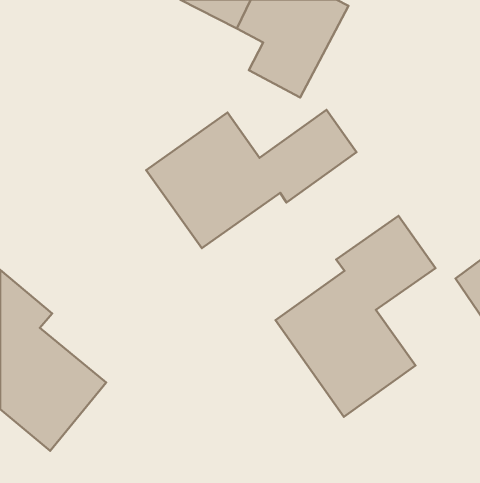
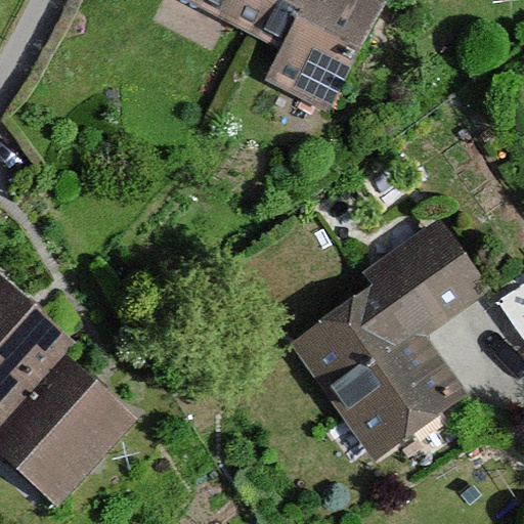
building: [146,110,356,248] -> none

